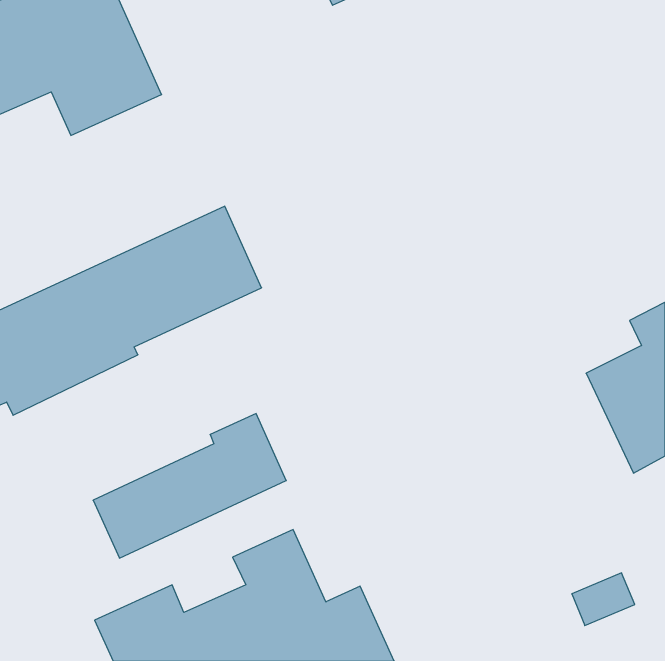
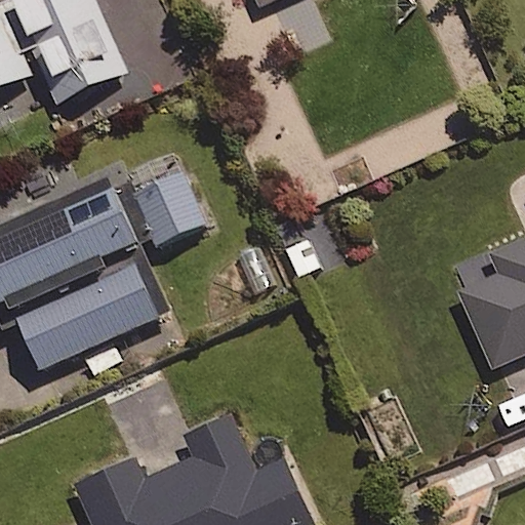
building: [93,414,286,558] -> [18,259,169,372]

